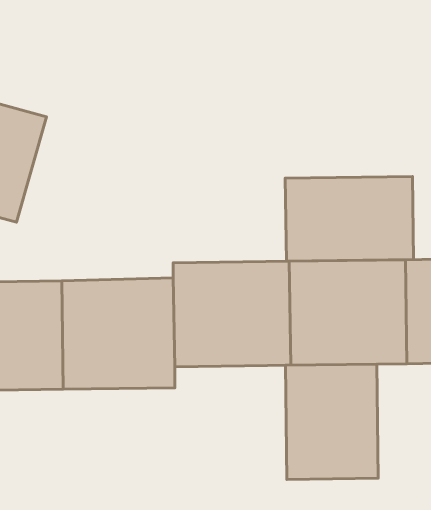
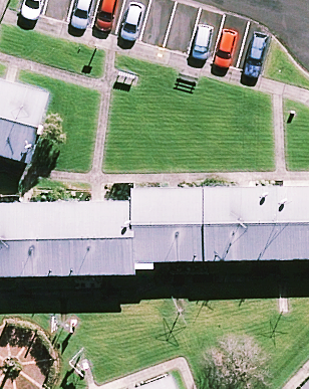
building: [285,177,413,261] -> none
building: [285,364,378,479] -> none

